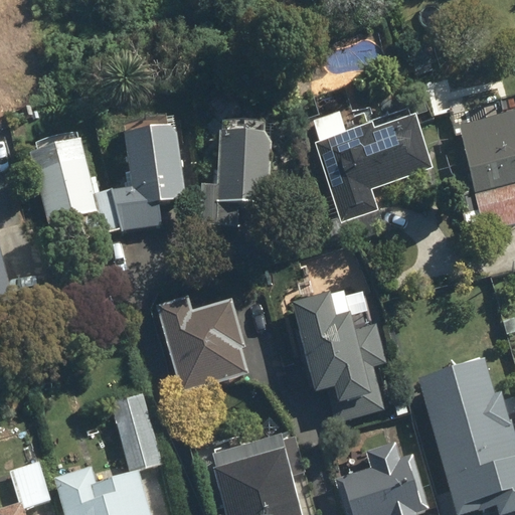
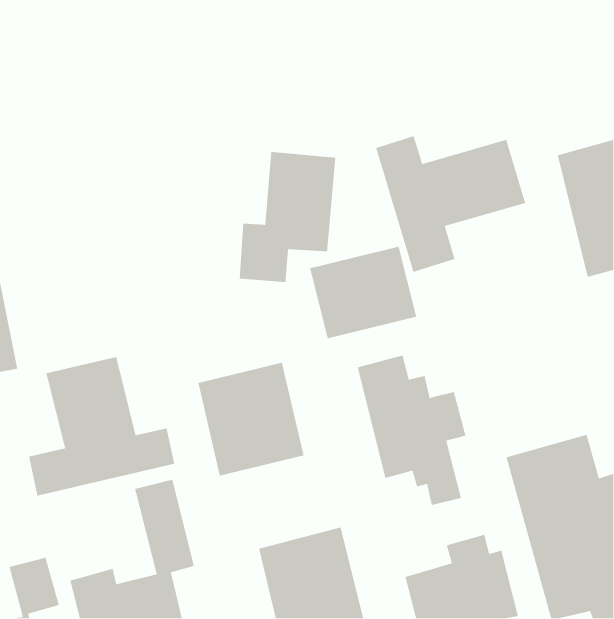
building: [30,117,183,238] -> none
building: none -> [309,246,417,339]
building: none -> [28,356,175,497]

